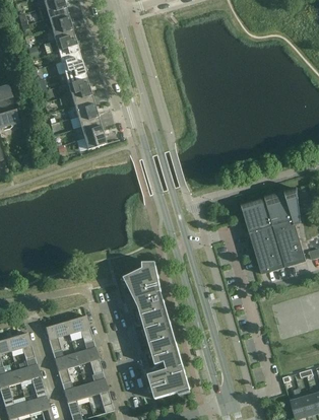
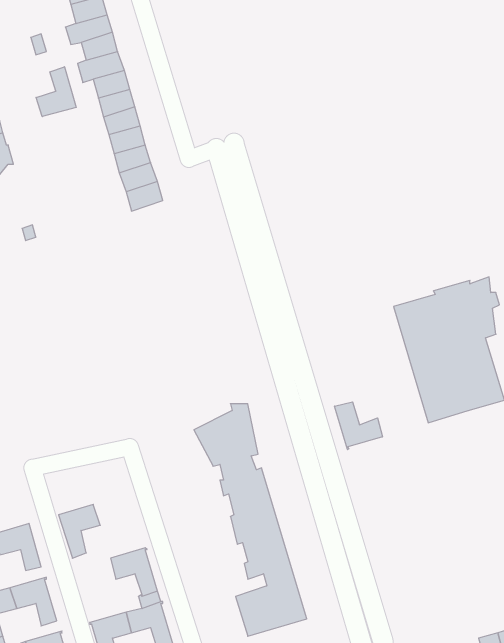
building: none -> [36,67,76,117]
building: none -> [335,402,382,450]
building: [65,314,93,342] -> none
building: [54,352,78,383] -> none

